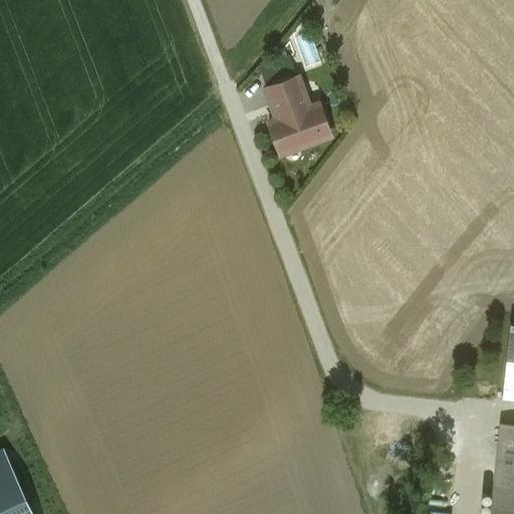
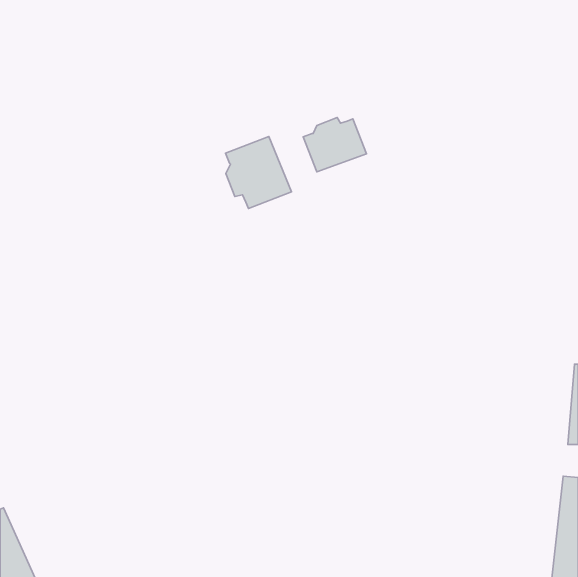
building: [266,78,308,119] -> none
building: none -> [225,136,292,209]

